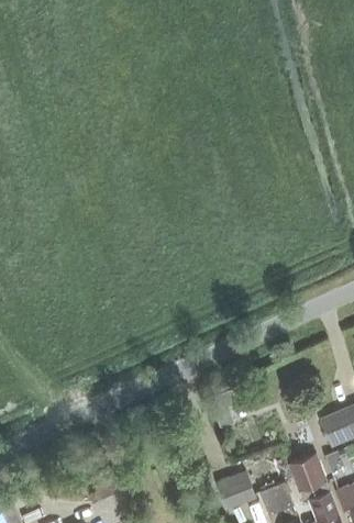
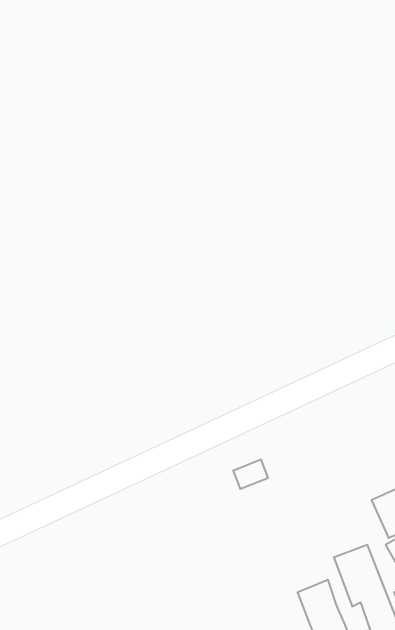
building: [217,471,255,510] -> none

